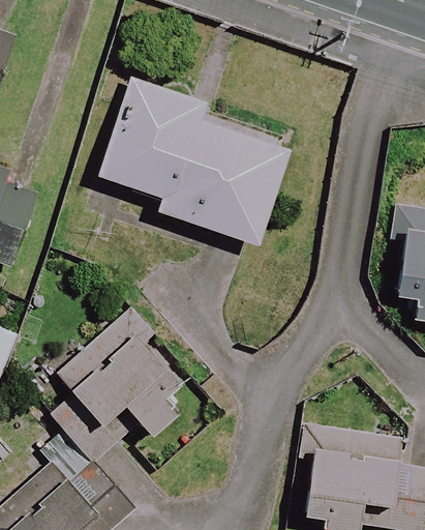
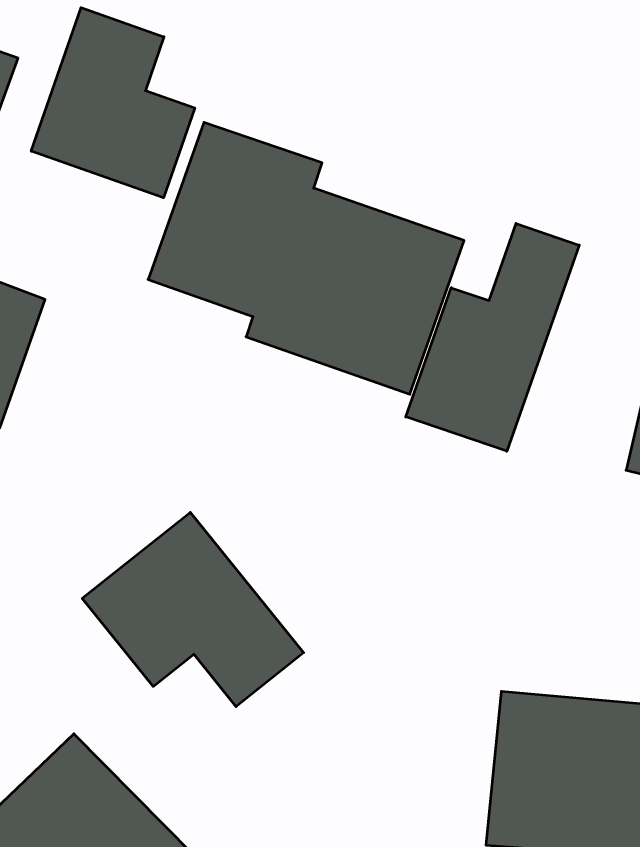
building: none -> [31,8,195,198]
building: none -> [406,223,579,451]

